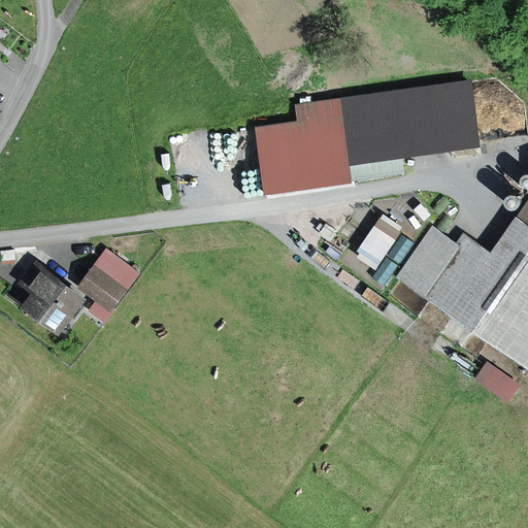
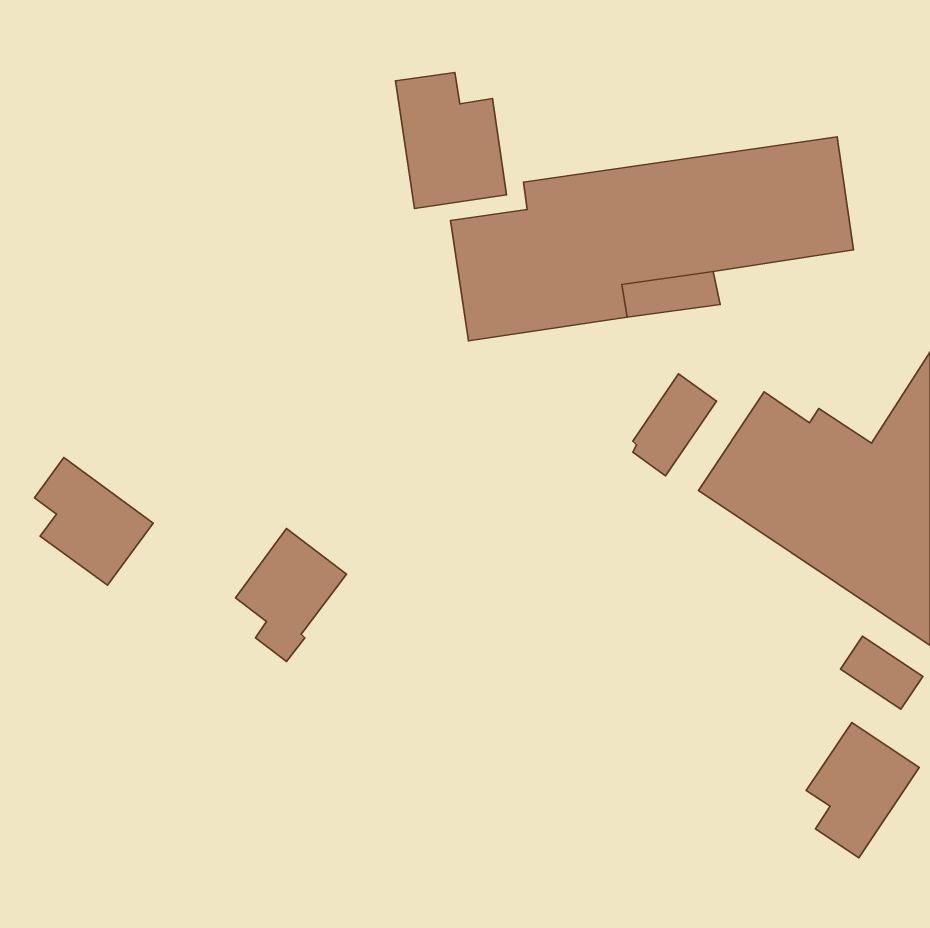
building: none -> [396,72,506,208]
building: [77,250,140,325] -> [235,528,347,662]
building: none -> [806,723,919,858]

